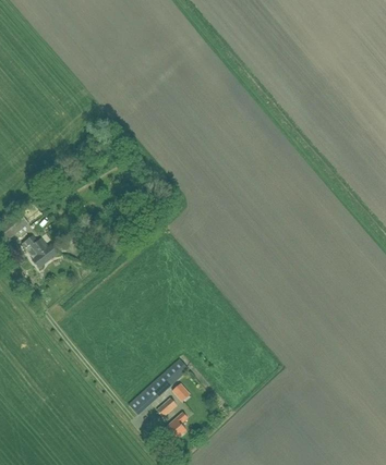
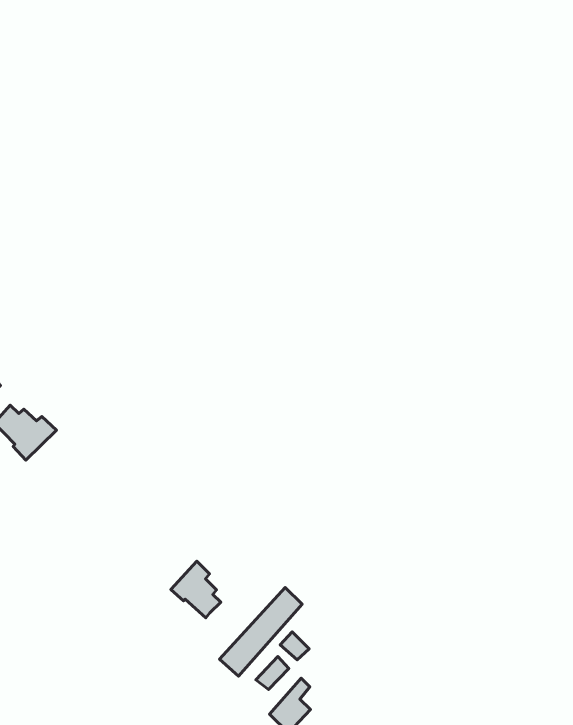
building: none -> [171,561,221,618]

